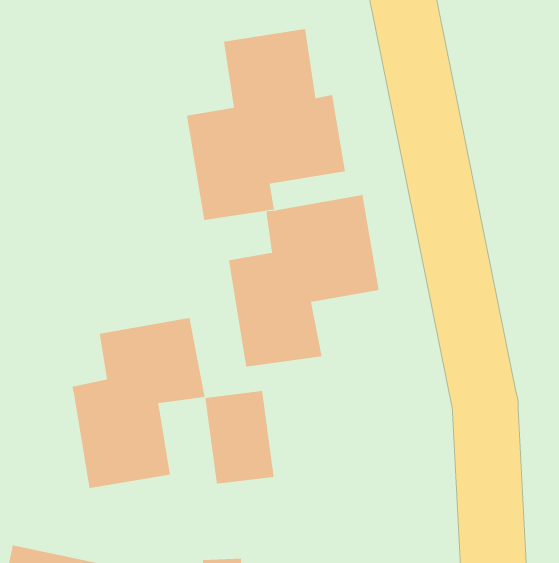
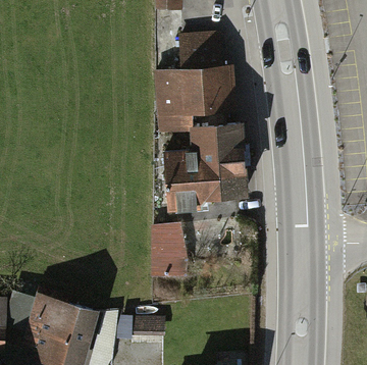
building: [72,317,205,489] -> none

